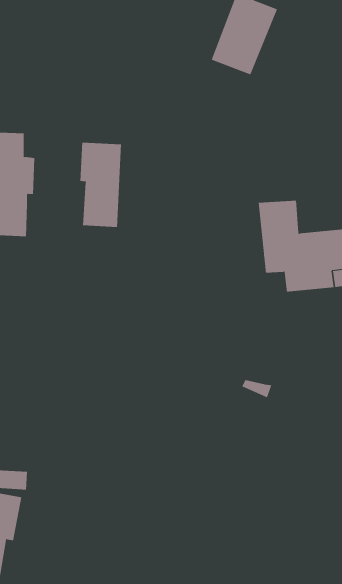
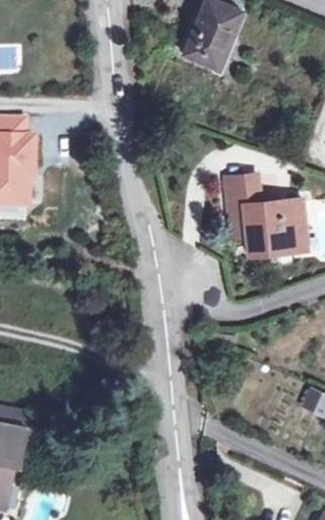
building: [80,142,121,228] -> none

